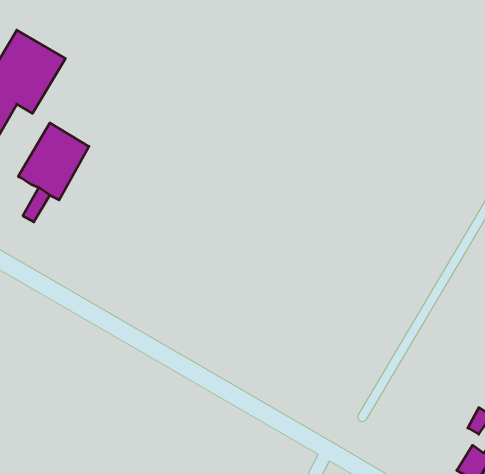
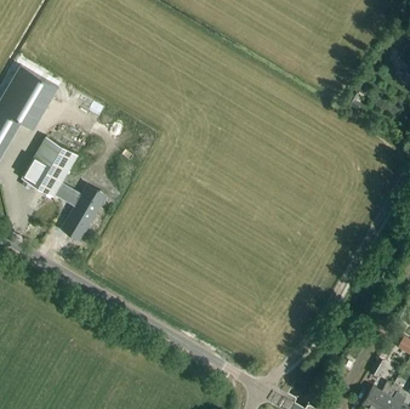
building: none -> [56,181,101,237]

